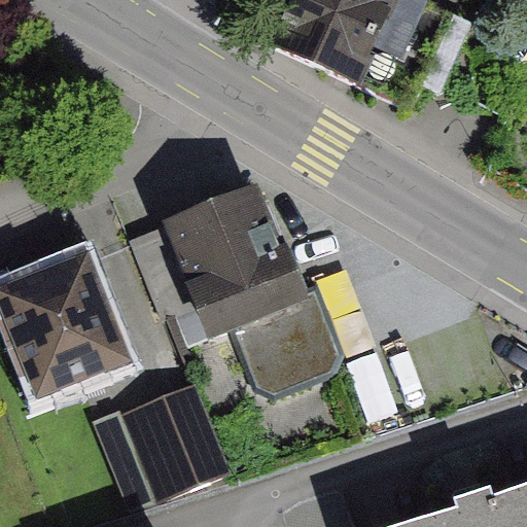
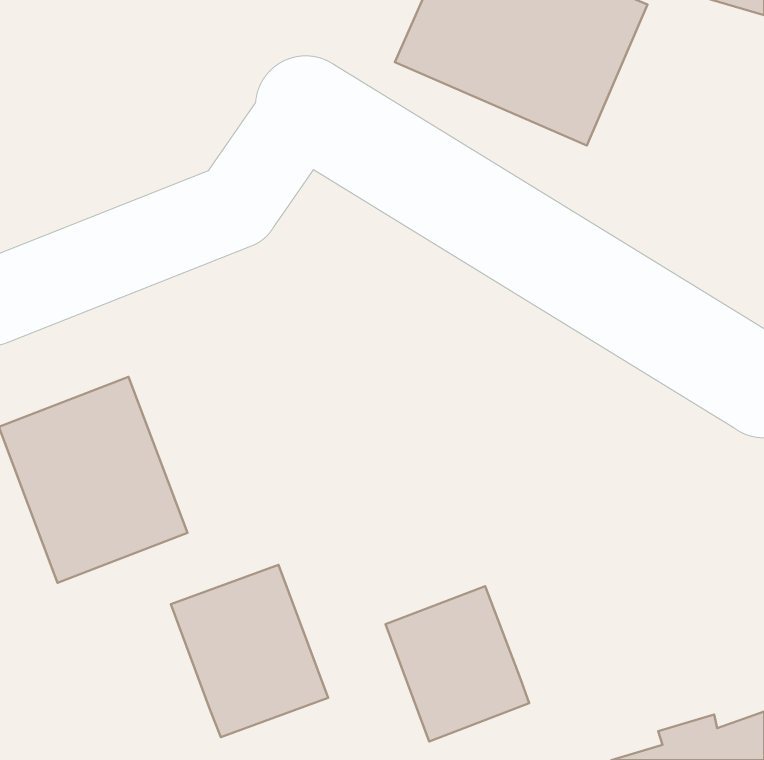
building: [167,185,329,392] -> none
building: none -> [385,586,529,741]

